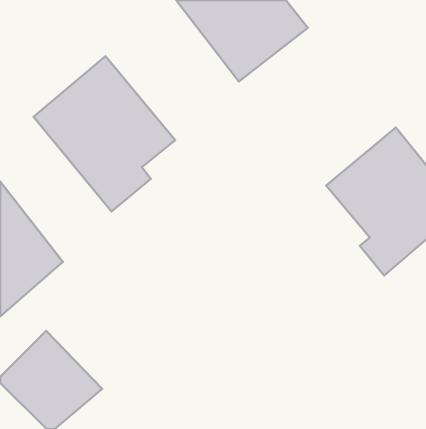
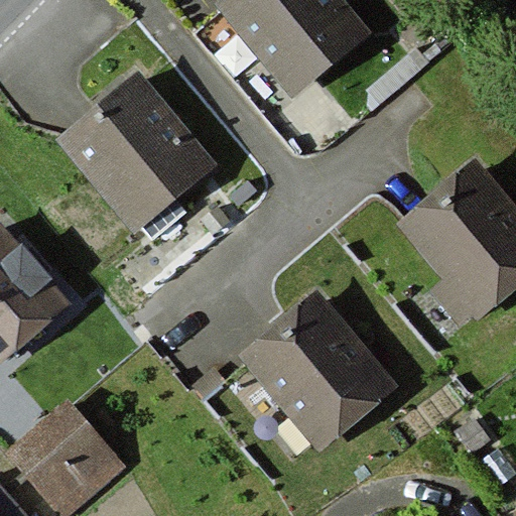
building: none -> [232,289,398,455]

